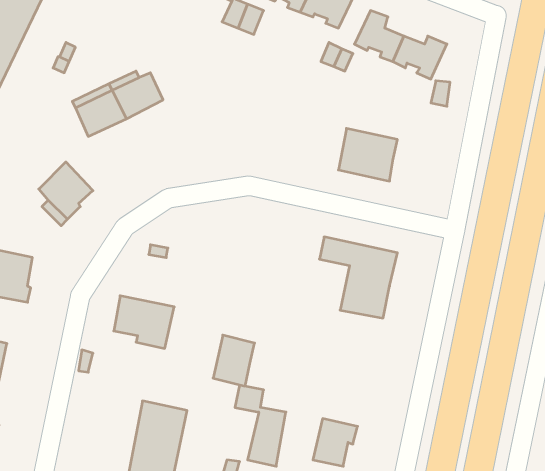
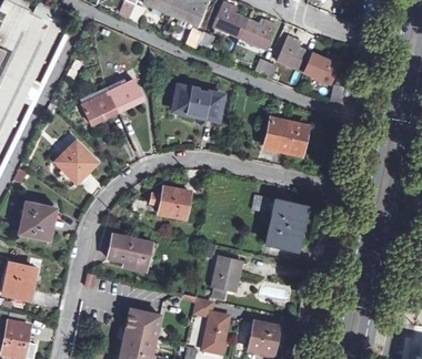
building: none -> [177,86,222,116]
building: none -> [150,186,190,218]
building: [213,335,255,386] -> [212,256,241,291]

